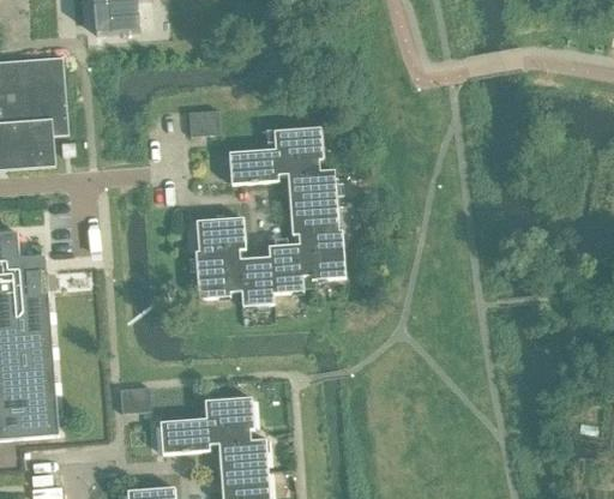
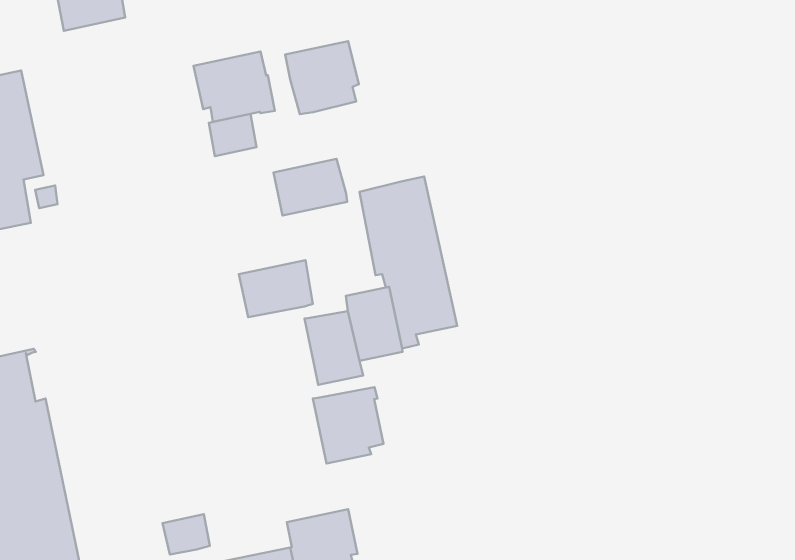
building: none -> [194,52,275,122]
building: [272,127,321,174] -> [285,41,359,114]
building: [193,250,239,299] -> [313,387,384,463]

